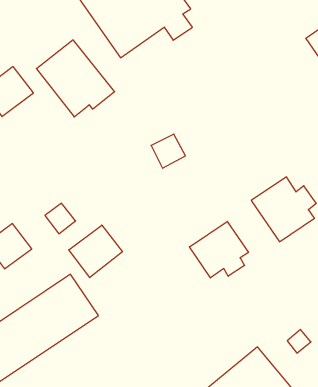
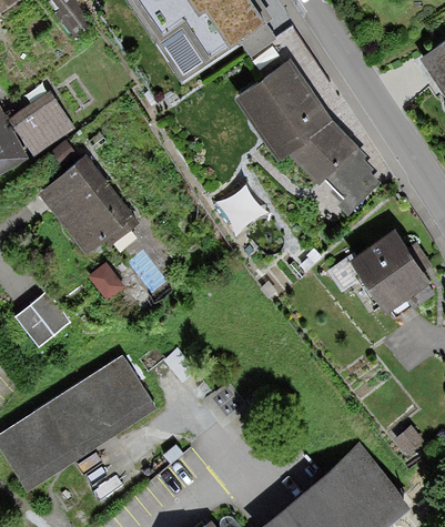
building: [36,40,115,117] -> [39,156,138,254]
building: none -> [234,59,381,216]
building: [189,221,248,278] -> none
building: [69,225,122,278] -> none

